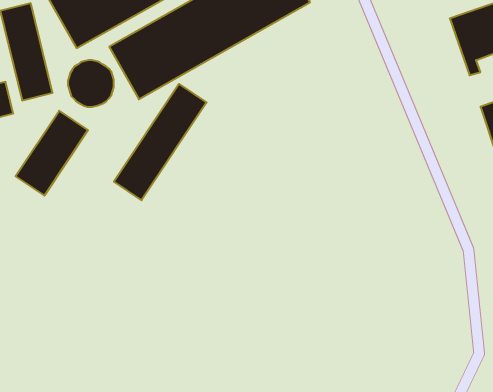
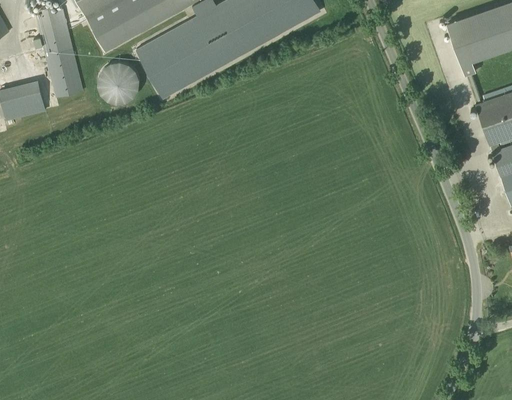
building: [114,84,207,200] -> none
building: [16,111,88,196] -> none

